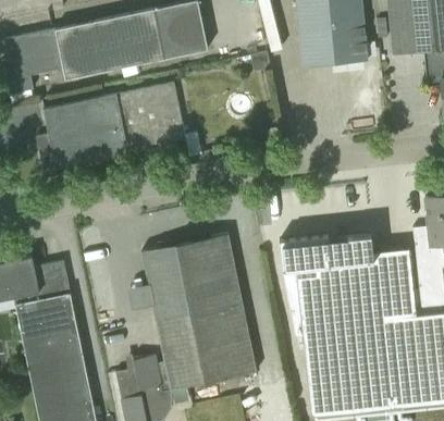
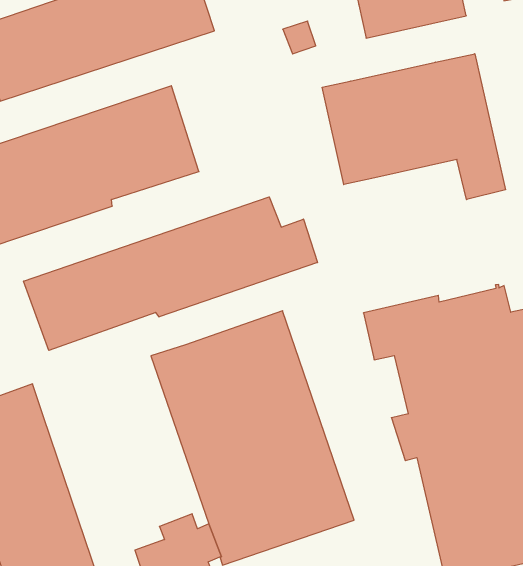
building: none -> [322,54,505,200]
building: none -> [24,197,317,350]

